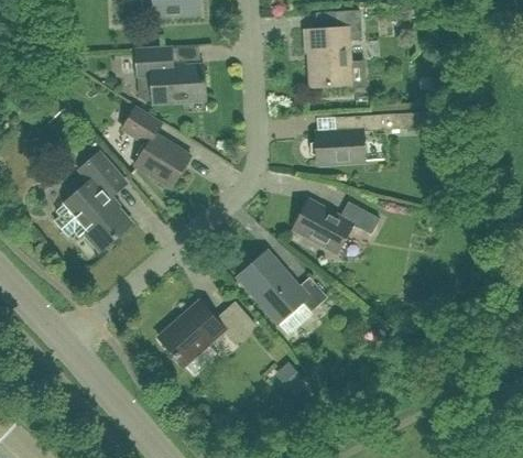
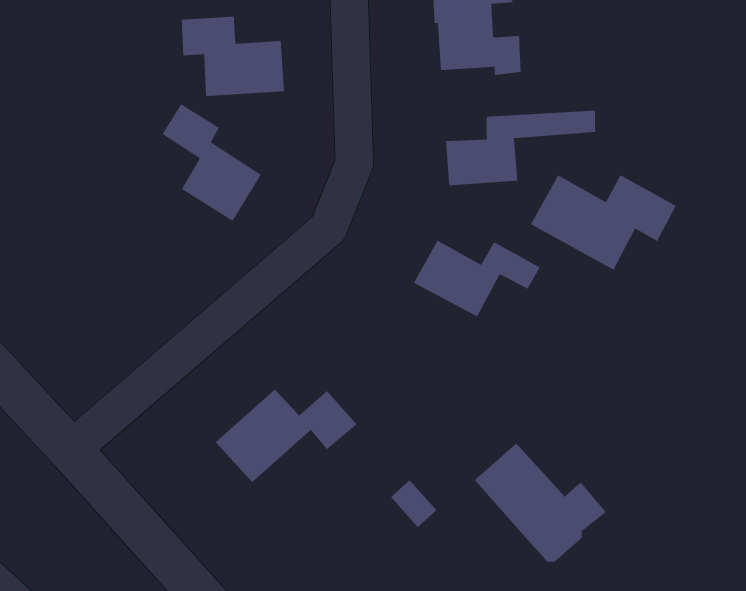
building: [53,152,130,250] -> none
building: none -> [530,174,677,271]
building: [236,250,326,331] -> [474,442,607,562]

